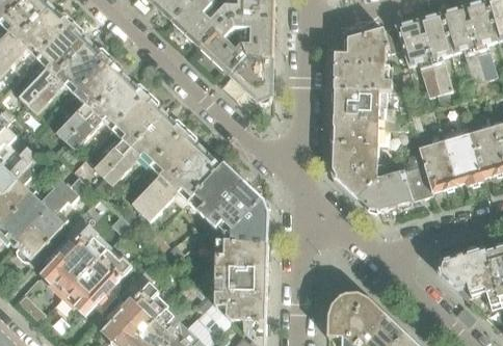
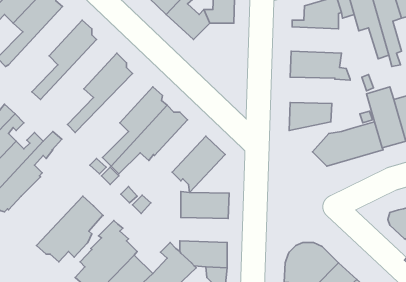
building: [27,39,109,112] -> none
building: [229,57,272,104] -> none
building: [334,61,414,89] -> none
building: [64,75,147,148] -> none
building: [91,111,185,197] -> none
building: [333,115,400,143] -> none
building: [187,161,242,217] -> none
building: [332,163,388,195] -> none
building: [224,198,268,240] -> none
building: [42,222,110,296] -> none
building: [214,266,266,293] -> none

